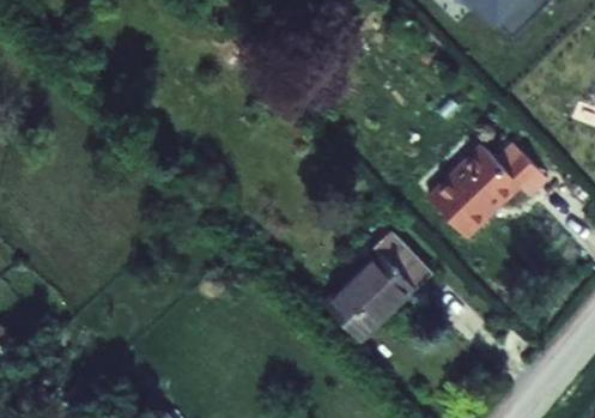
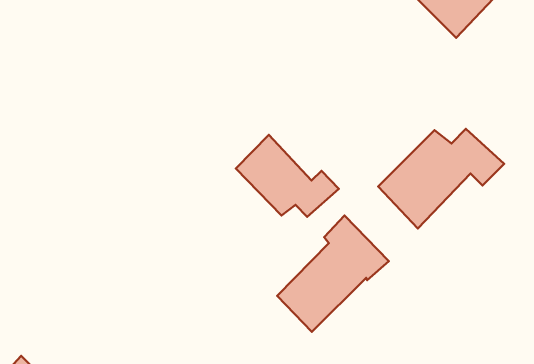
building: none -> [236,135,339,217]

